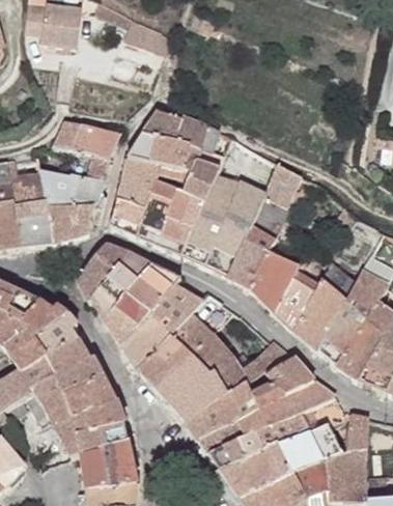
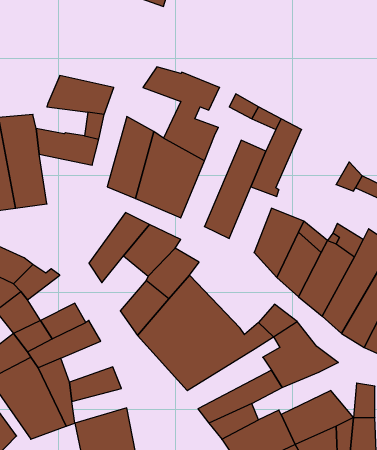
building: [131,131,183,179] -> none
building: [183,175,241,264] -> none
building: [47,195,97,243] -> none
building: [229,226,275,289] -> none
building: [78,243,130,301] -> none
building: [107,292,151,345] -> none
building: [35,310,81,355] -> none
building: [67,374,117,414] -> none
building: [189,382,270,440] -> none
building: [251,404,327,450] -> none
building: [78,420,131,453] -> none

